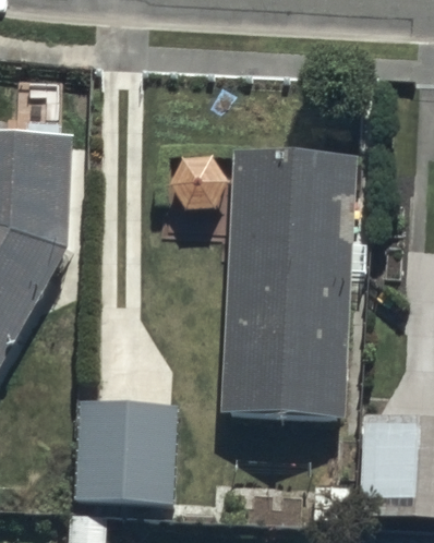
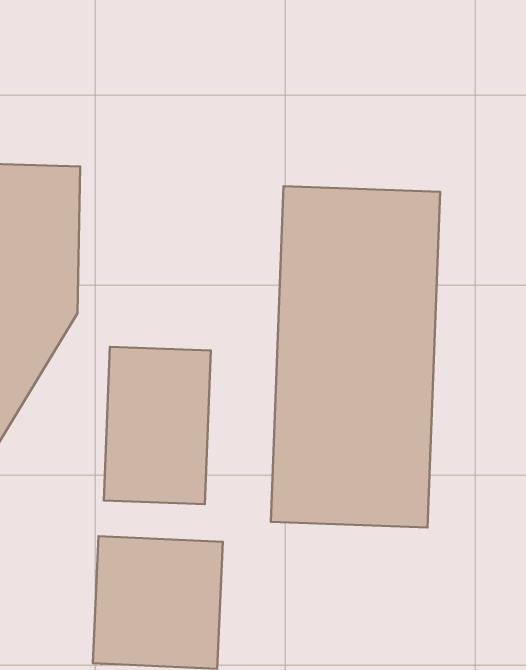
building: none -> [104,347,211,504]

